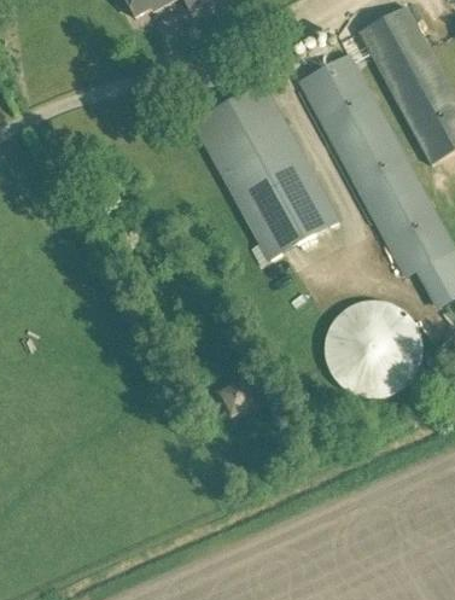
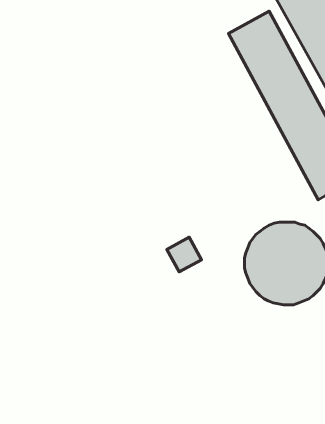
building: [196,83,339,258] -> none
building: [216,375,257,416] -> [167,237,202,272]

